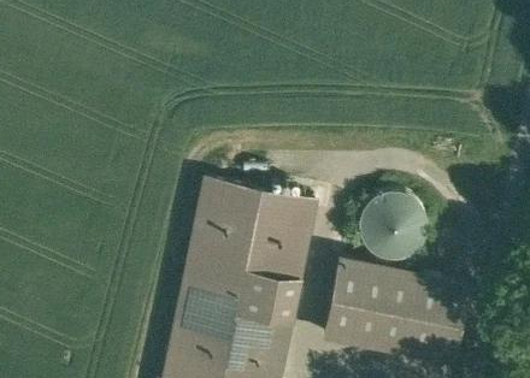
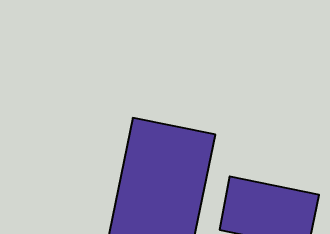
building: [361,193,429,260] -> none

